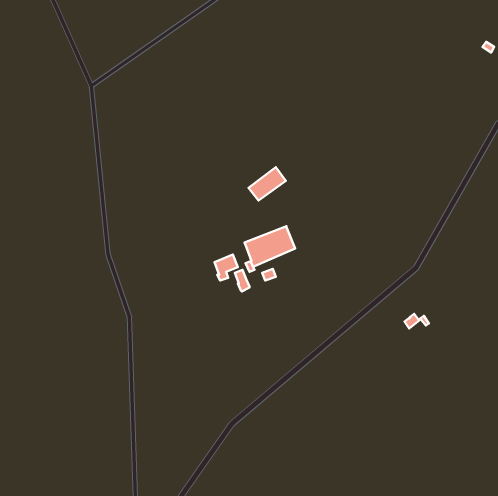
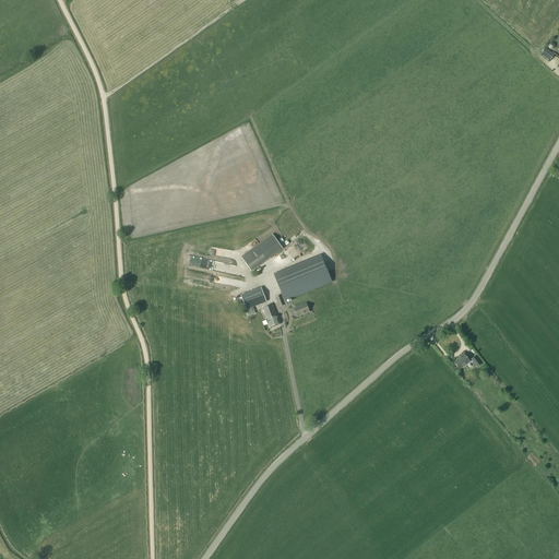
building: [249,167,286,200] -> [241,233,283,270]

